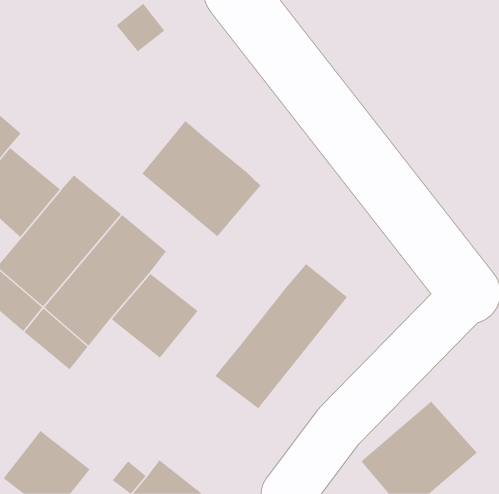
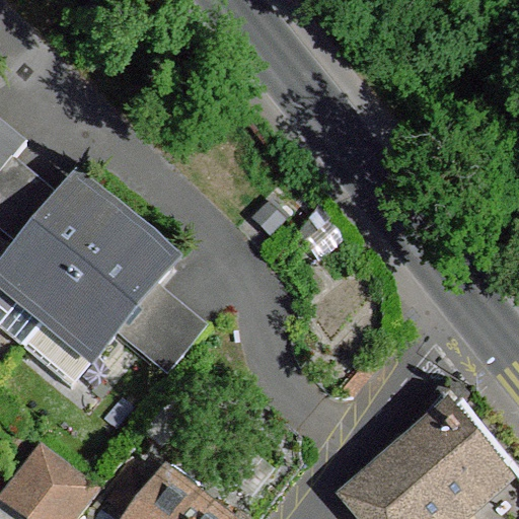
building: [141,120,261,237] -> none
building: [215,263,348,409] -> none

